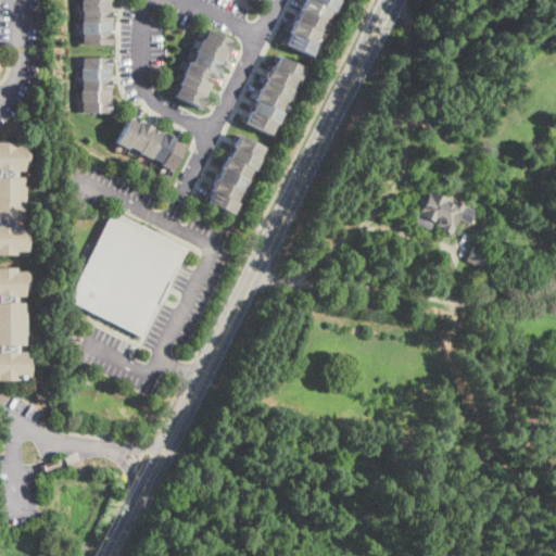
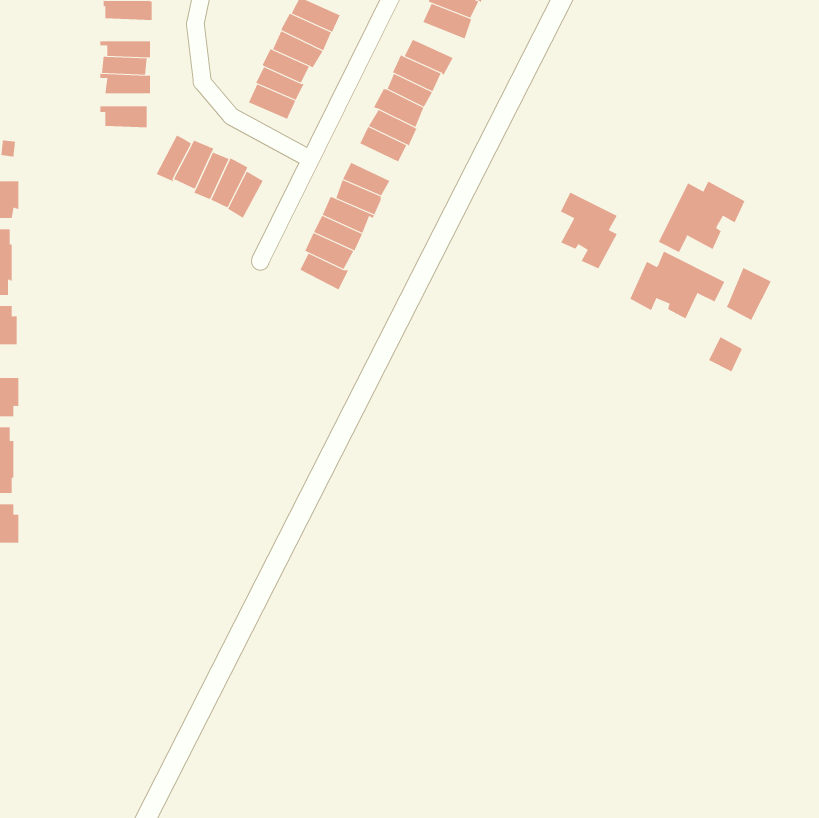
building: none -> [658,181,745,253]
building: none -> [560,192,617,269]
building: none -> [726,267,771,321]
building: [68,211,188,338] -> none

